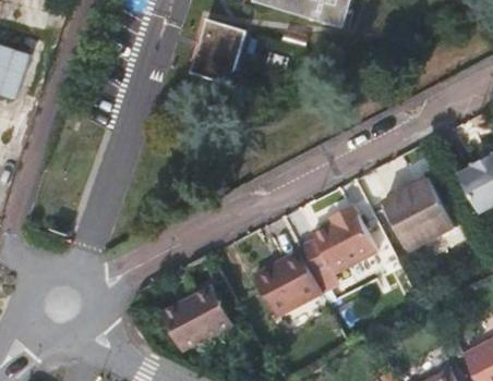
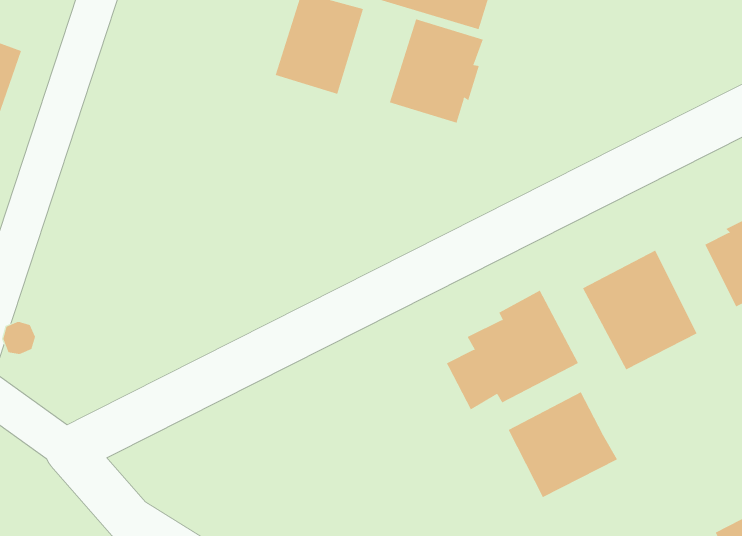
building: none -> [389,19,483,123]
building: [252,249,321,316] -> [508,391,618,498]
building: [160,285,231,351] -> none

